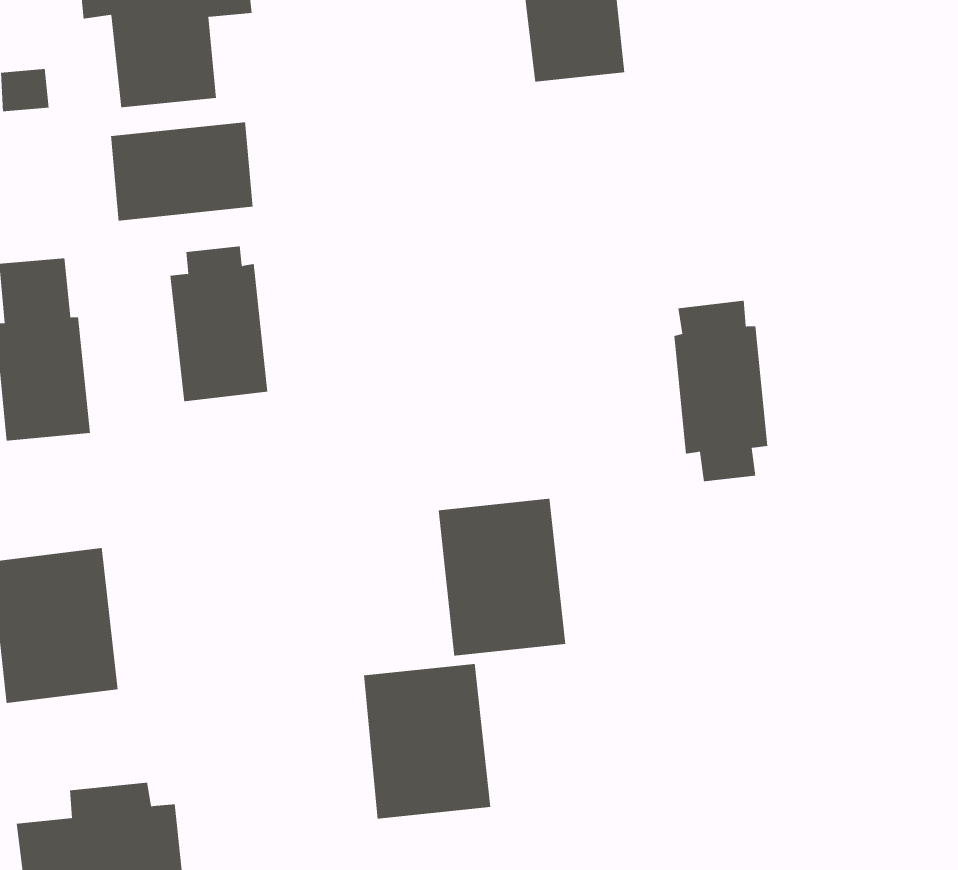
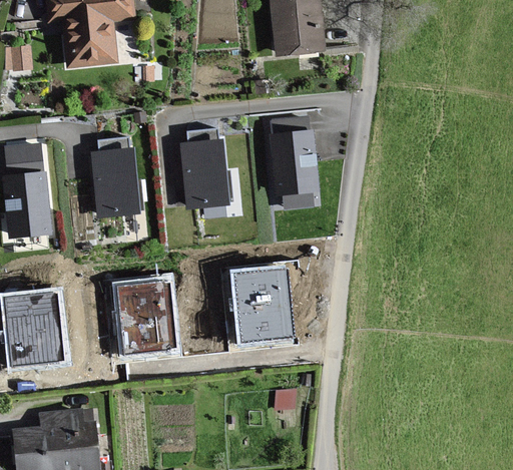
building: [110,121,253,222] -> none
building: none -> [180,129,230,208]
building: [673,300,768,482] -> [271,117,319,209]
building: [363,663,491,819] -> [111,278,176,357]

